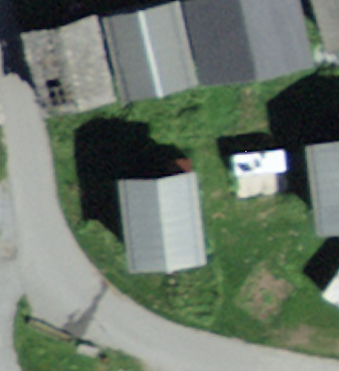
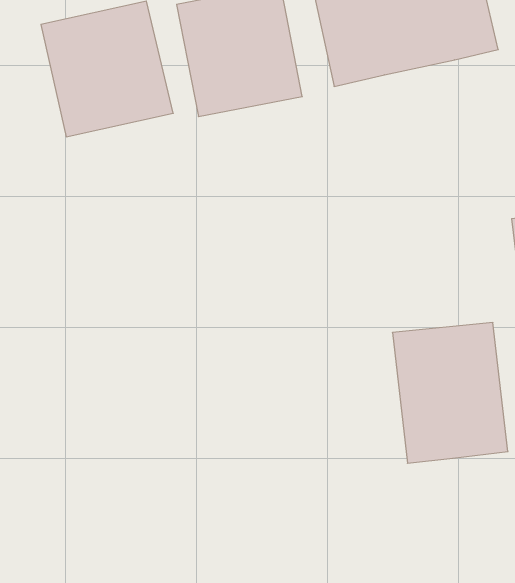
building: [131,174,200,258] -> [392,323,508,463]

